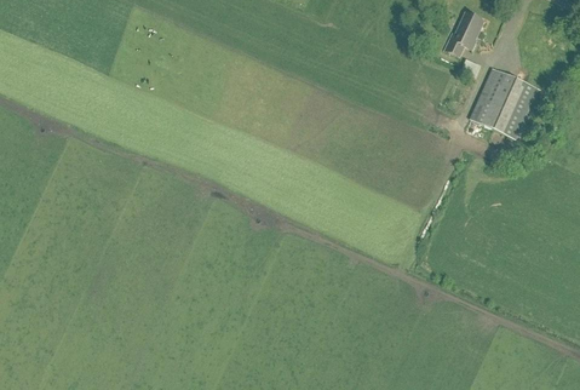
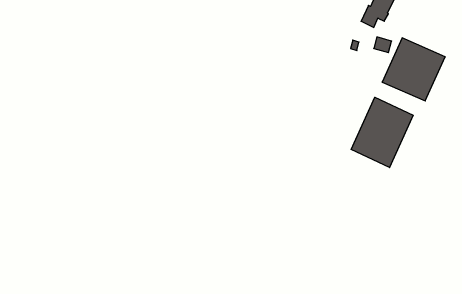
building: none -> [351,97,413,168]

